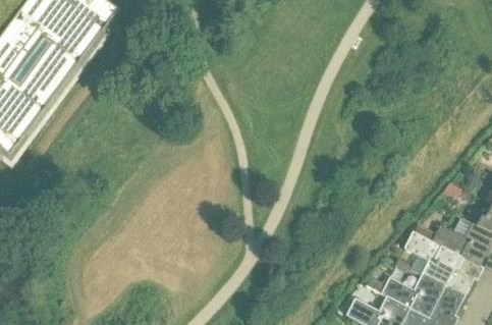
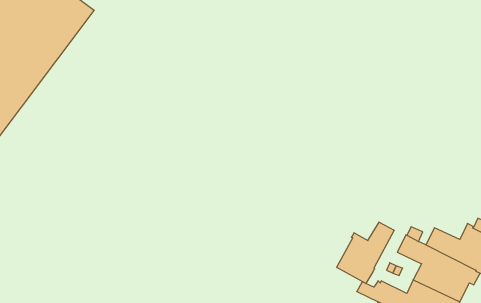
building: none -> [337,222,394,284]

